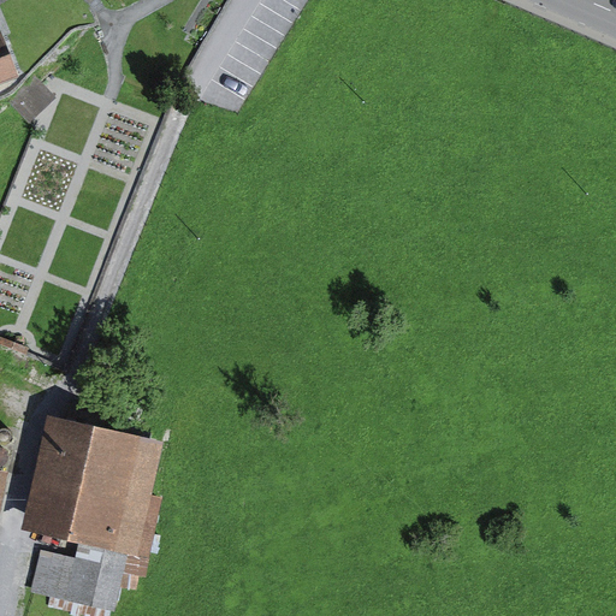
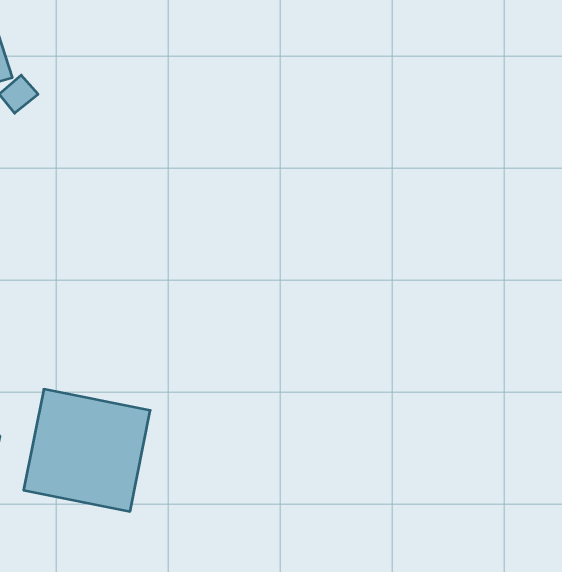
building: [28,545,123,610] -> none

